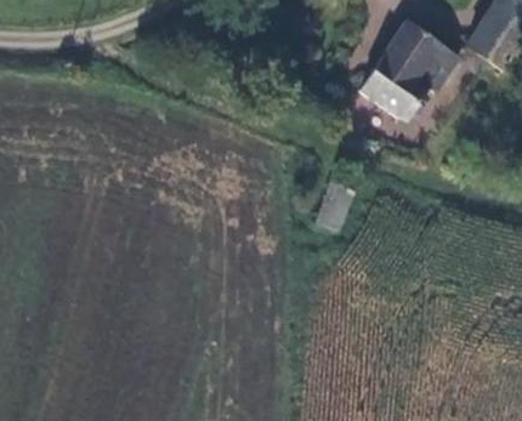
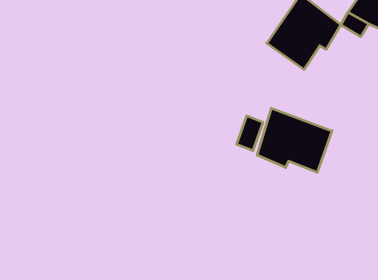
building: none -> [257,108,332,172]

